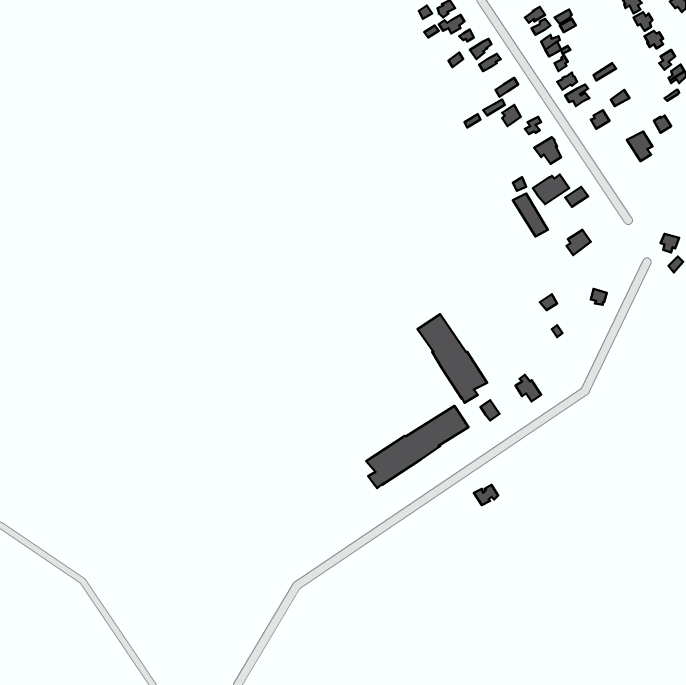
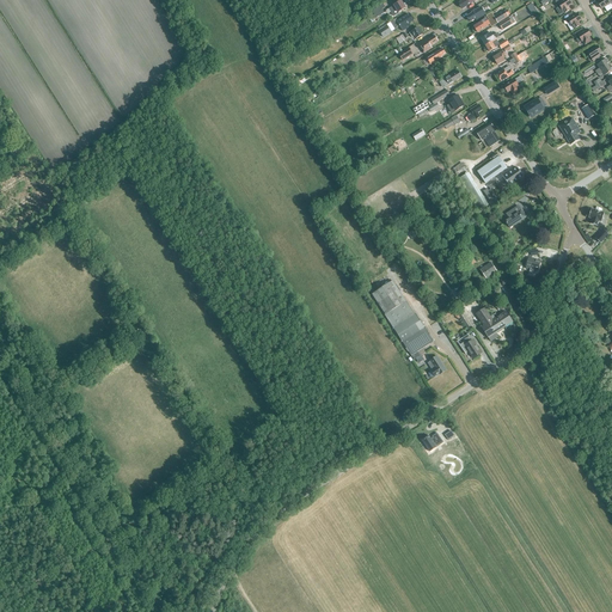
building: none -> [477,307,513,339]
building: [366,406,469,488] -> none

